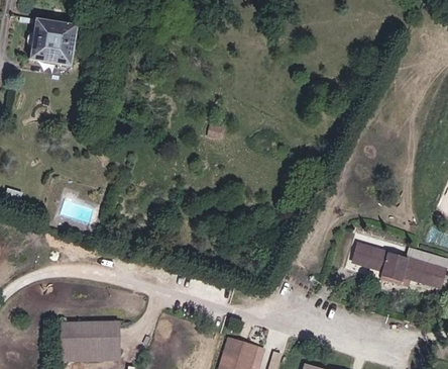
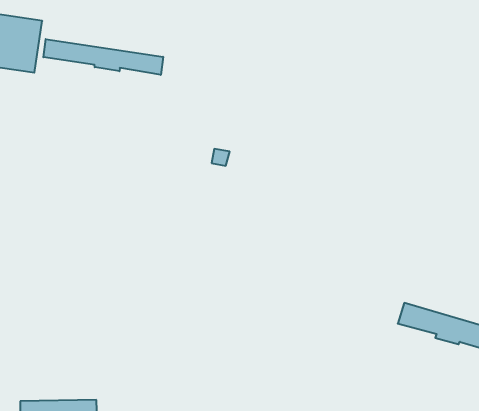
building: none -> [43,39,163,75]

